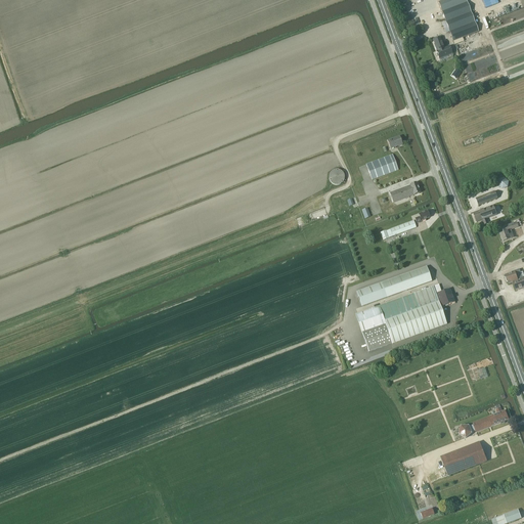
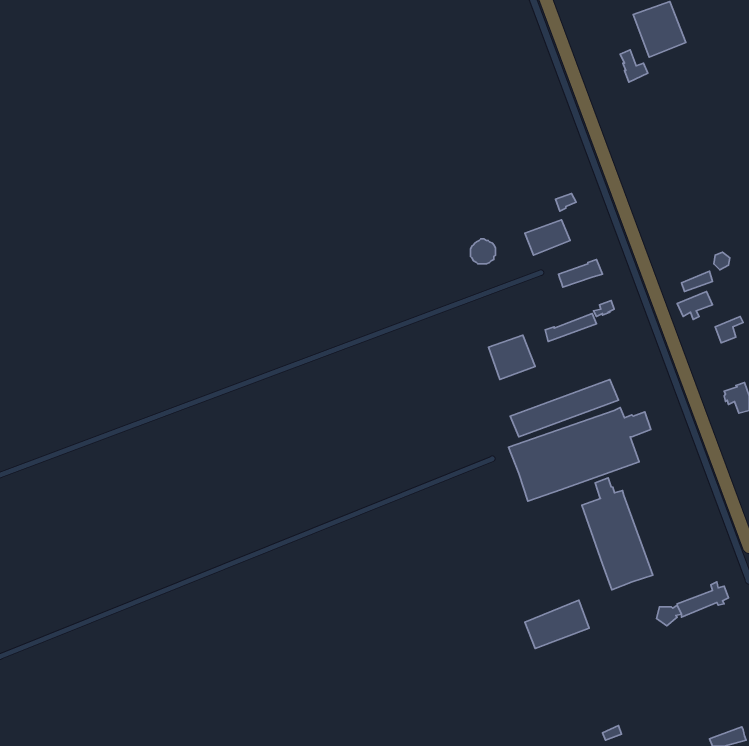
building: none -> [488,335,535,380]
building: none -> [582,478,653,590]
building: [441,440,486,474] -> [525,600,589,649]

